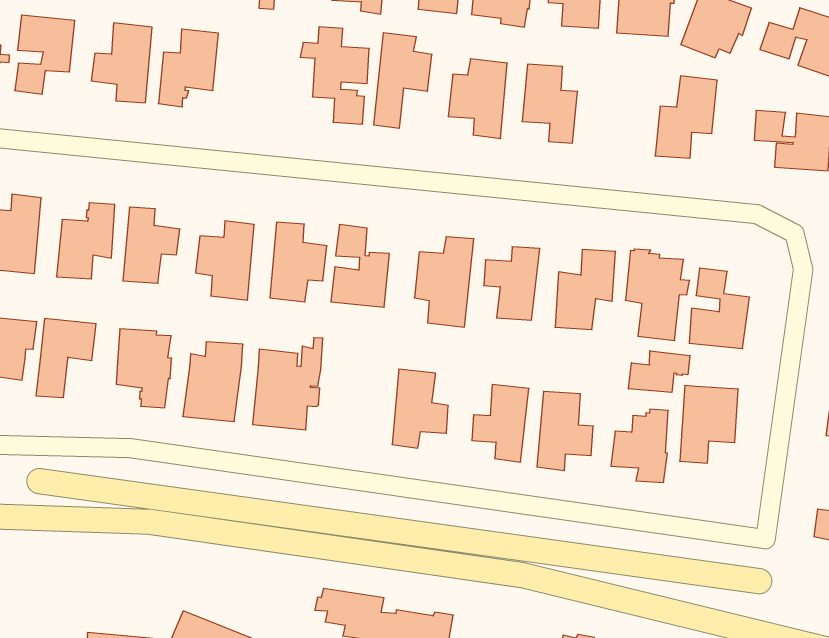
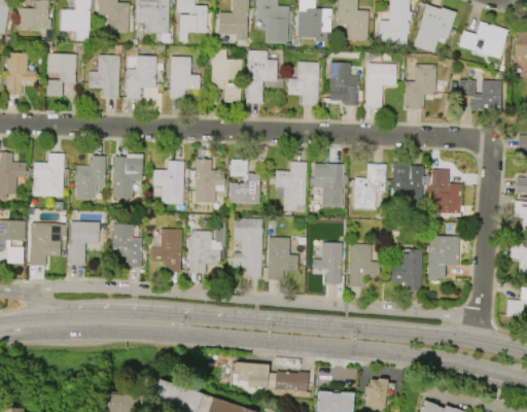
building: none -> [169,57,200,99]
building: none -> [365,64,395,107]
building: none -> [232,218,262,277]
building: [629,351,690,392] -> none

